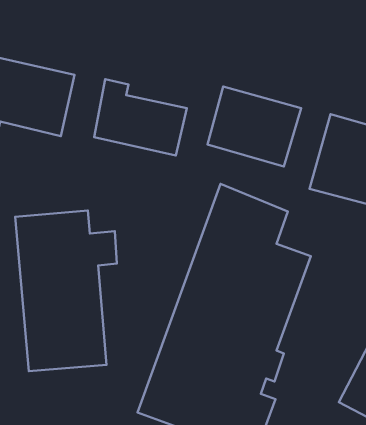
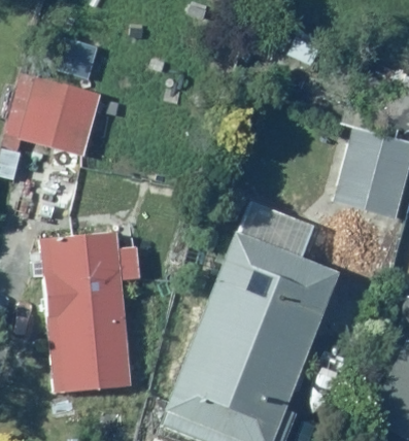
building: [94,79,187,155] -> none
building: [207,86,301,166] -> none

